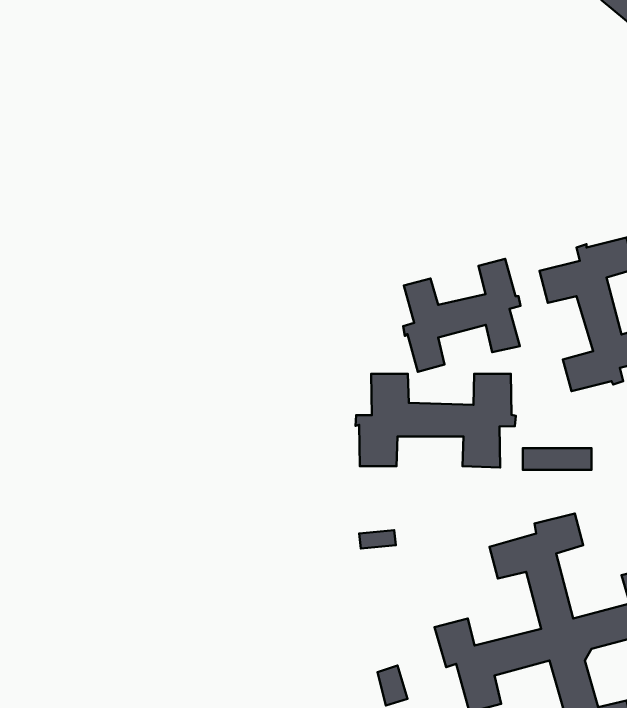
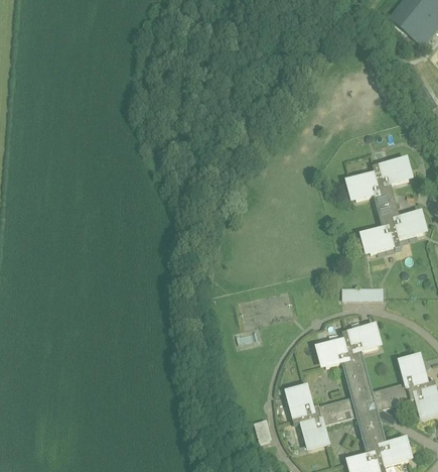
building: [403,259,521,372] -> none
building: [355,374,516,468] -> none

